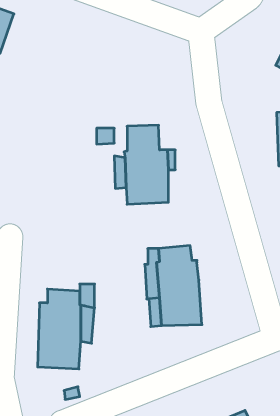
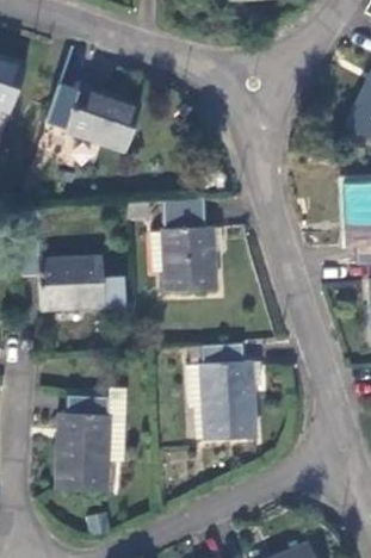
building: none -> [47,81,142,150]
building: none -> [20,235,125,312]

